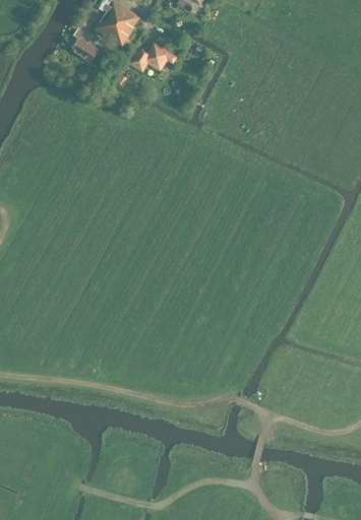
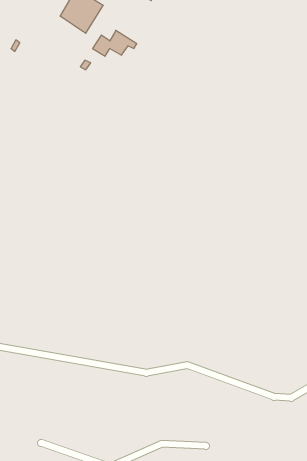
building: [71,25,99,62] -> none

